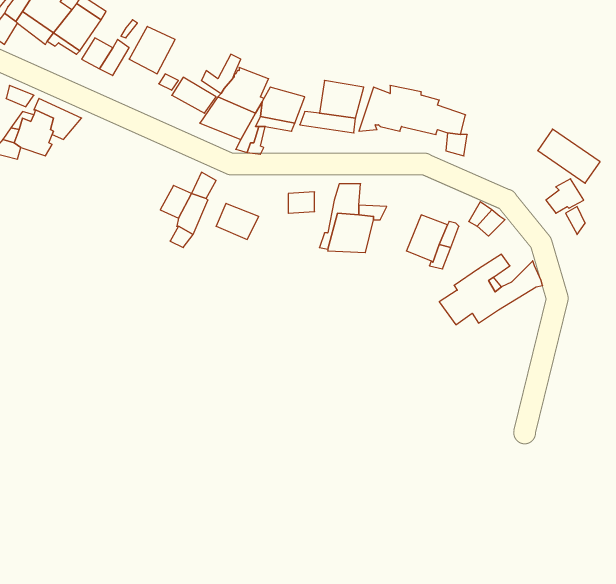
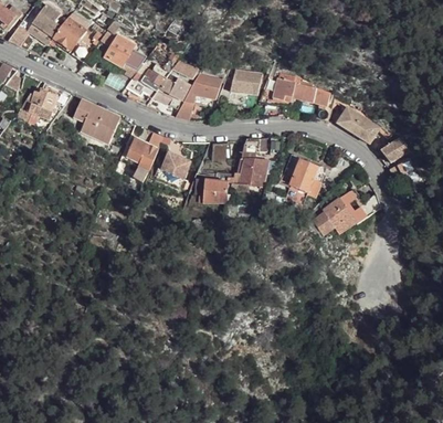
building: none -> [73,99,119,144]
building: [538,129,600,183] -> [339,108,381,145]
building: none -> [196,179,231,203]

